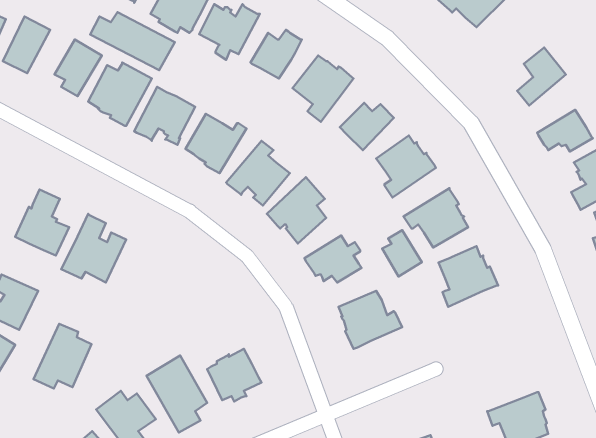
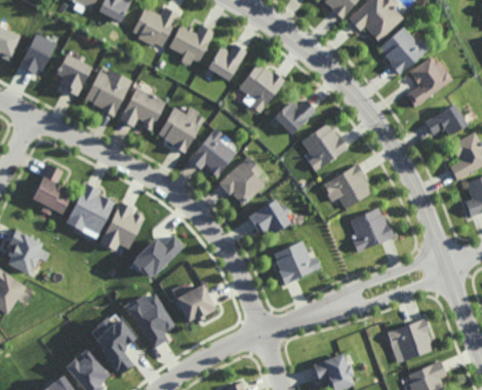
building: none -> [377,28,427,75]
building: [90,12,175,70] -> none
building: [382,230,422,276] -> none
building: none -> [136,233,185,276]
building: [33,324,92,389] -> [99,202,144,251]

